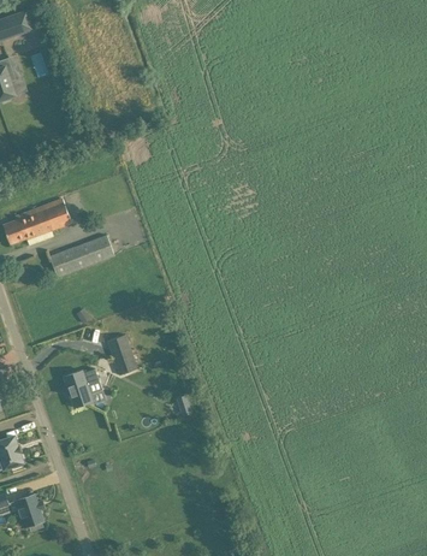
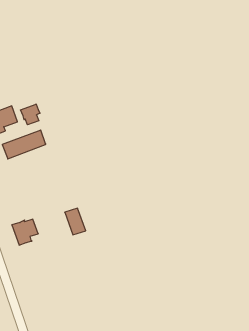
building: none -> [21,104,40,125]
building: [106,333,137,373] -> [65,208,86,235]

